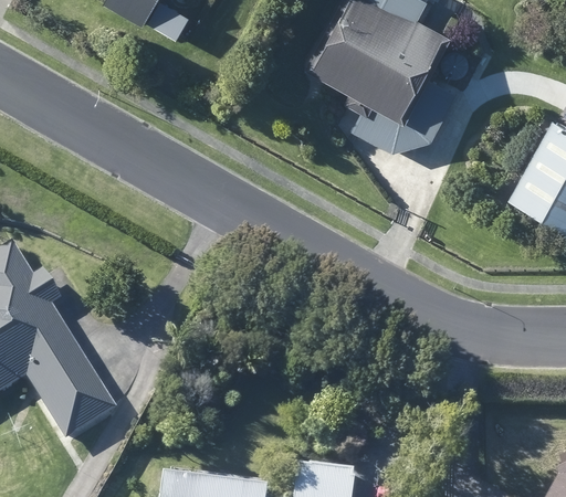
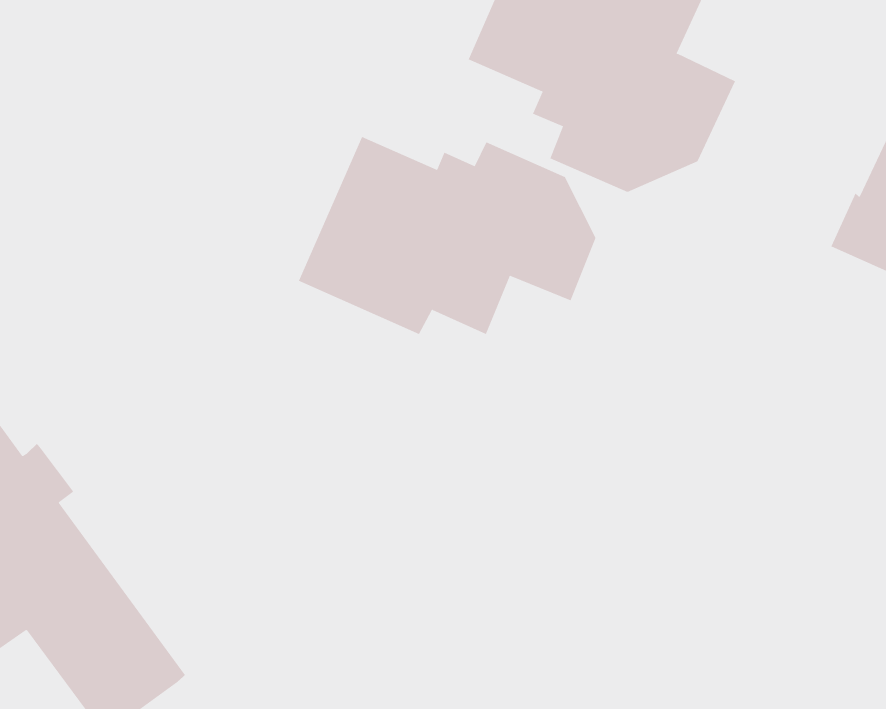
building: none -> [298,136,596,335]

